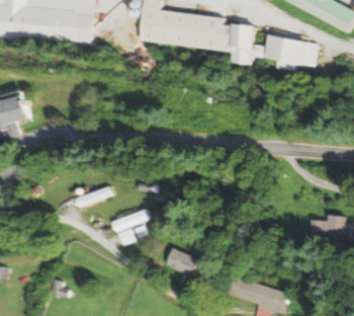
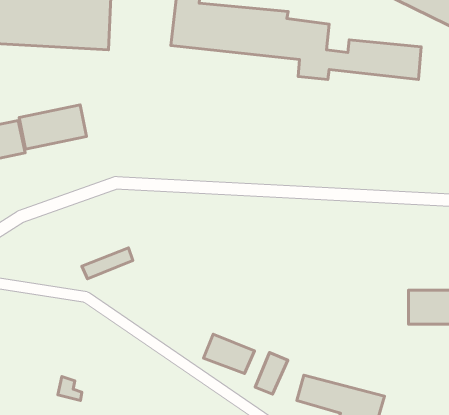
building: none -> [19,105,87,149]
building: [109,208,149,245] -> none
building: none -> [255,353,288,394]

